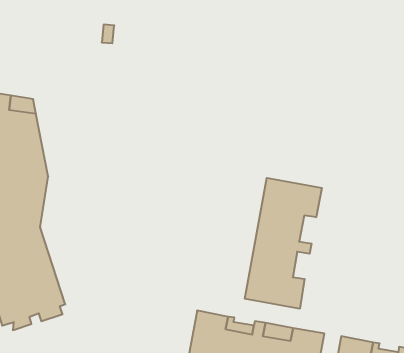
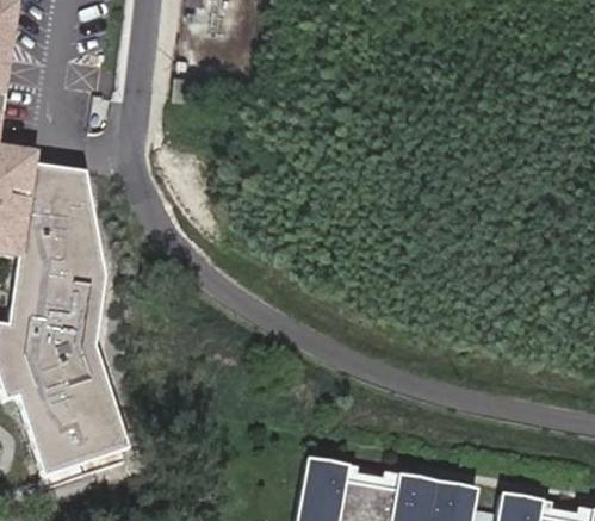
building: [245,178,322,309] -> none

